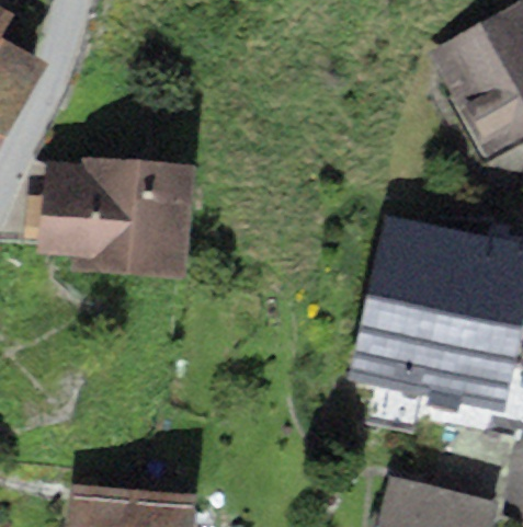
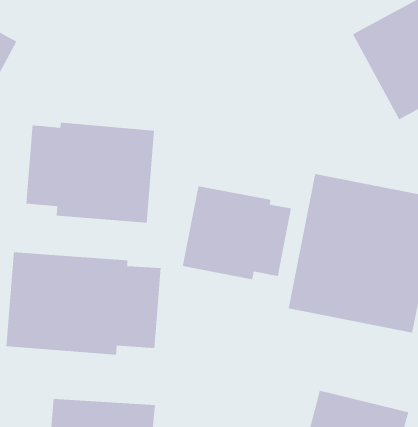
building: none -> [182,185,292,280]
building: none -> [6,251,161,356]

